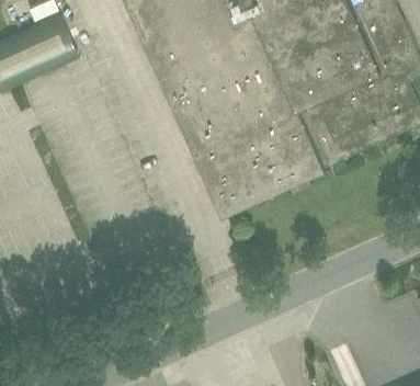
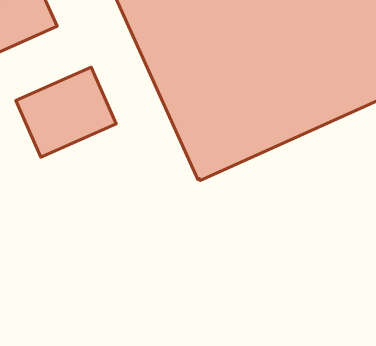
building: none -> [16,67,116,157]

